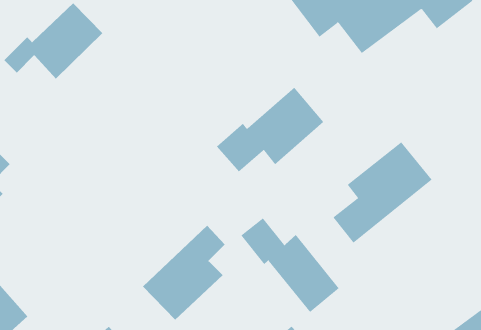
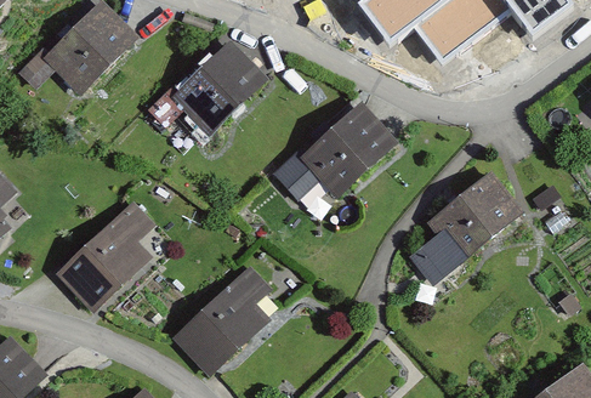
building: none -> [144,38,273,135]
building: none -> [51,199,152,313]
building: [241,217,339,313] -> none

